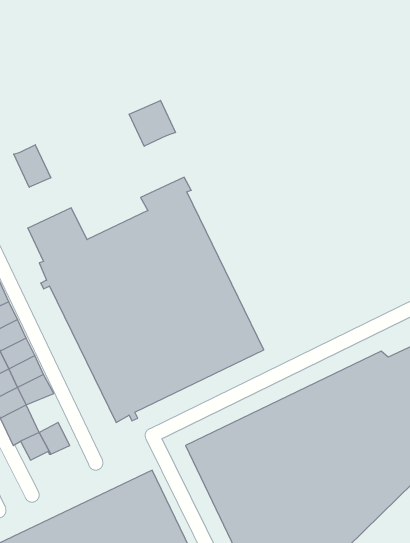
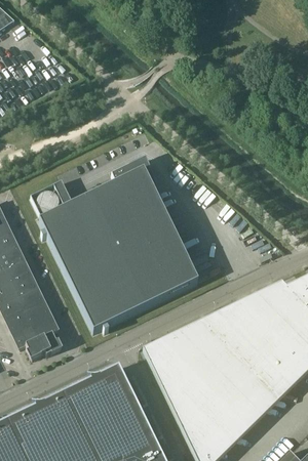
building: [129,100,175,146] -> none
building: [14,145,51,187] -> none
building: none -> [29,310,56,338]

